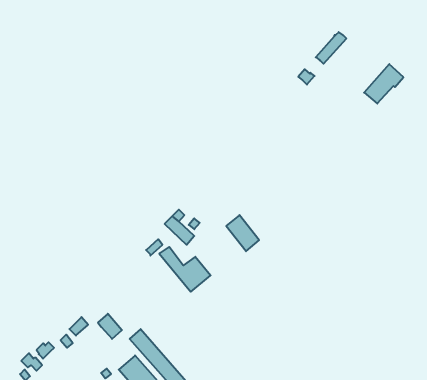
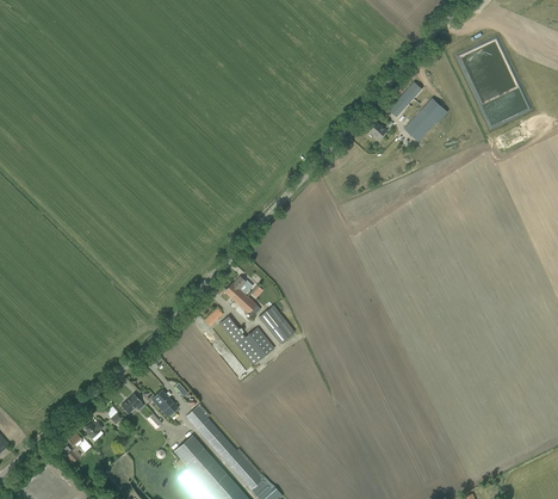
building: [364,64,403,104] -> [404,98,447,141]
building: [226,215,259,251] -> [259,304,294,344]

